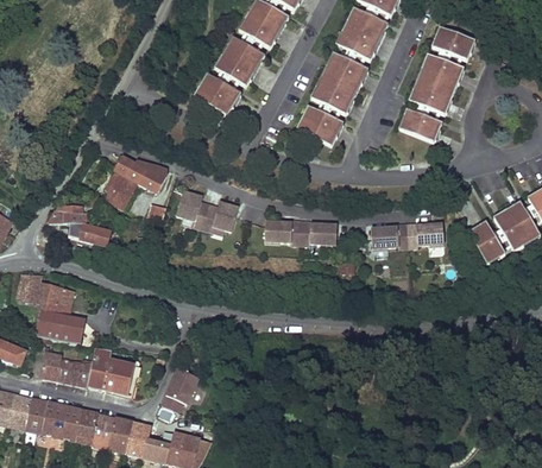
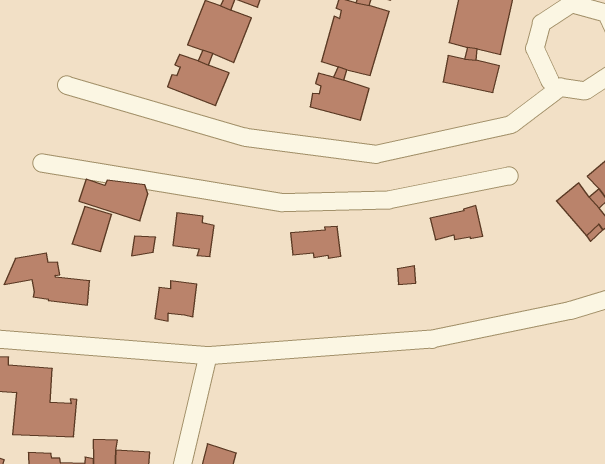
building: [203,201,239,230] -> [155,281,197,321]
building: [301,221,338,244] -> none
building: [408,223,445,247] -> none

